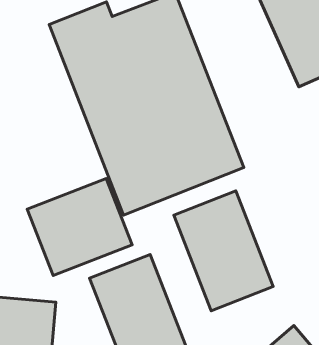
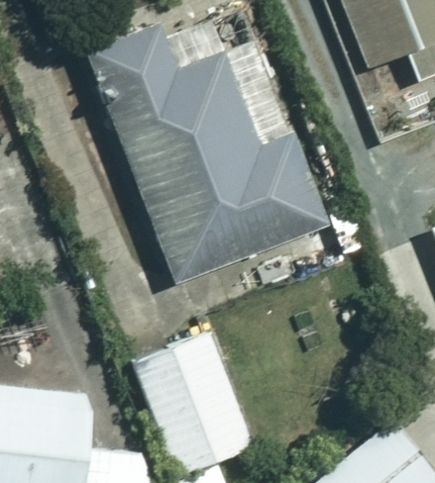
building: [27,178,132,275] -> none
building: [174,191,273,311] -> none

